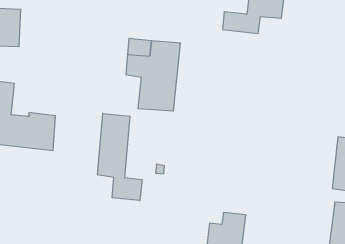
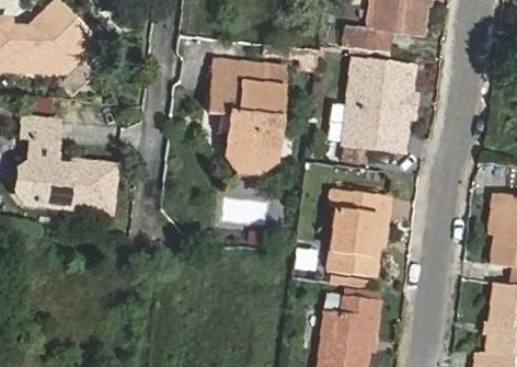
building: none -> [343,60,413,162]
building: [98,113,142,201] -> none
building: none -> [328,191,390,276]

